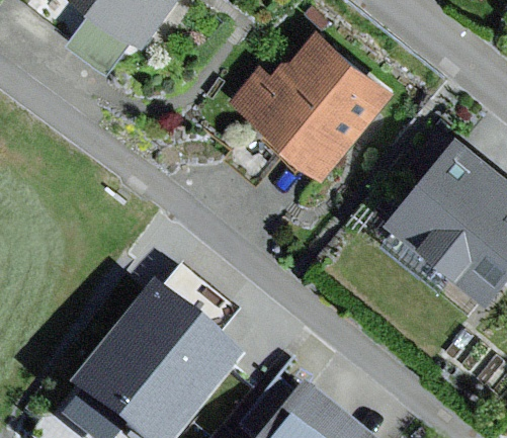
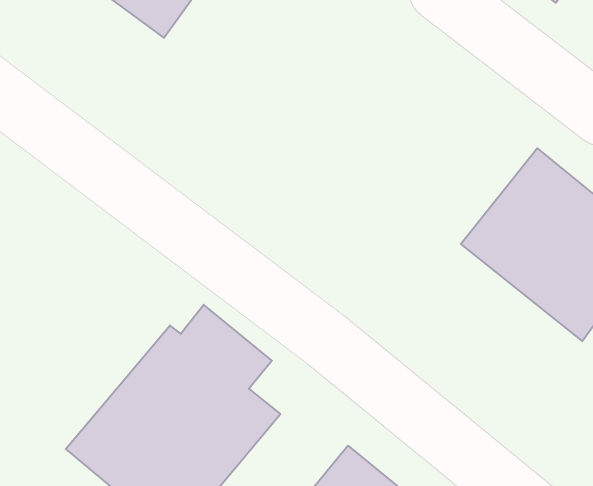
building: [224,28,399,184] -> none

